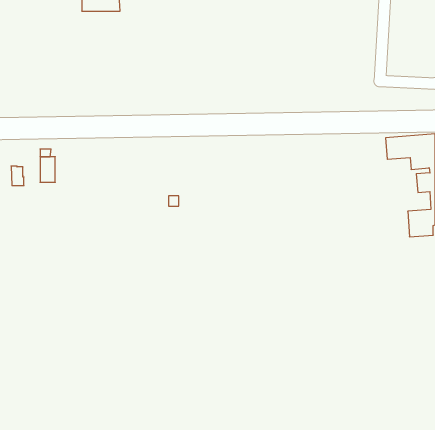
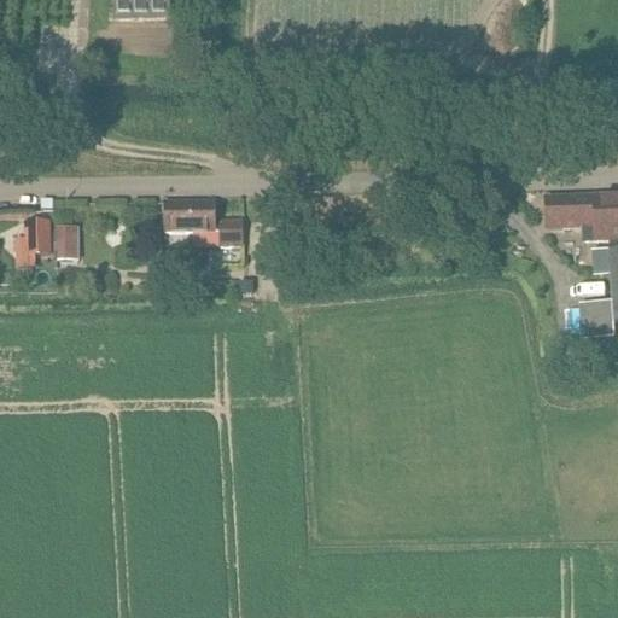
building: none -> [165,196,243,244]
building: none -> [24,217,51,251]

